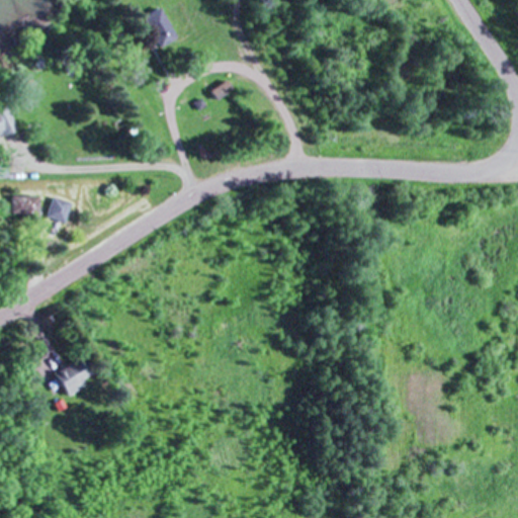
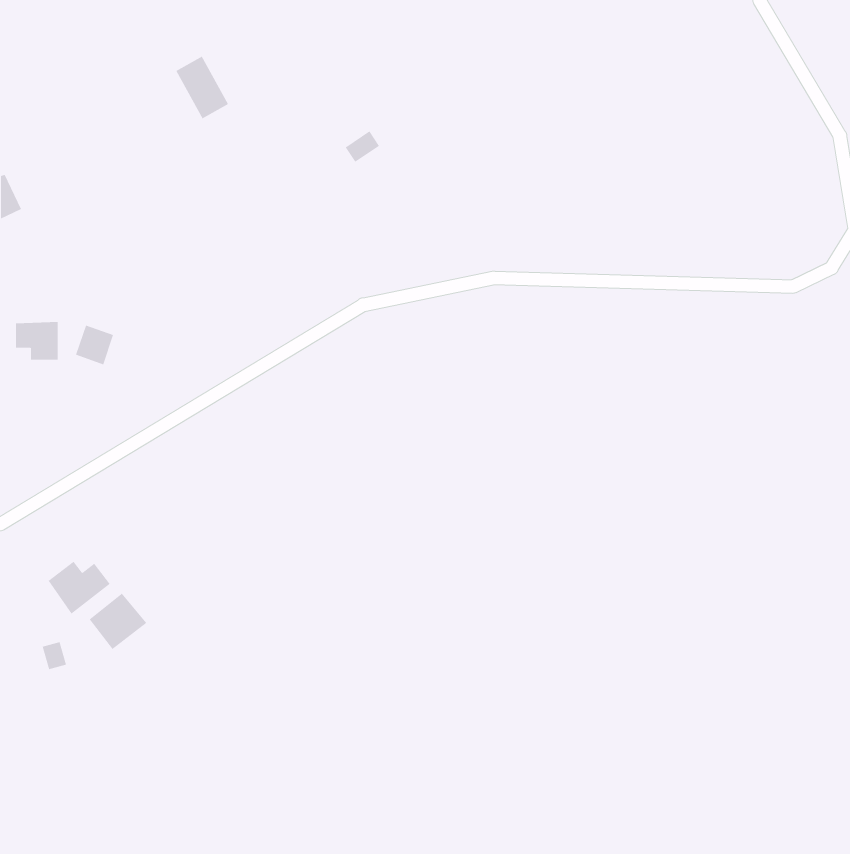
building: [144,7,176,46] -> [175,56,229,119]
building: none -> [48,561,111,615]

